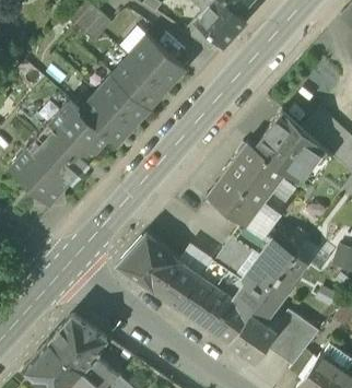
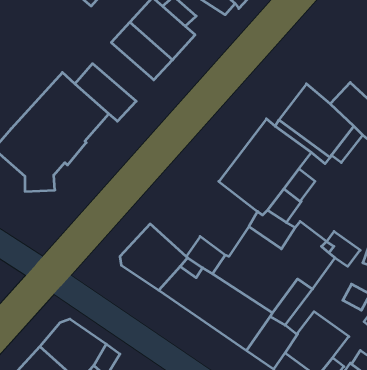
building: [95,75,149,127] -> none

